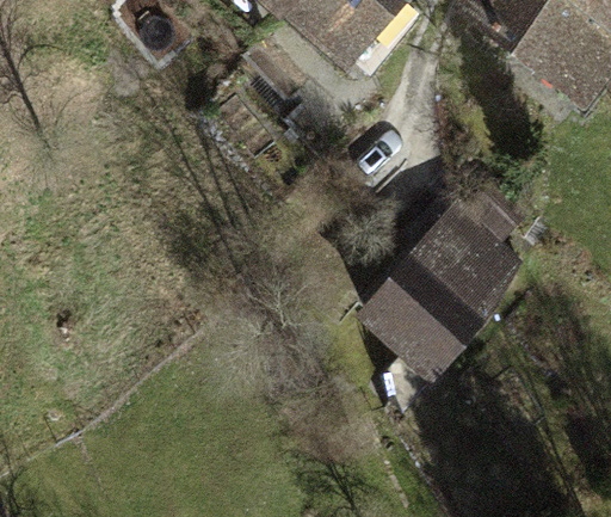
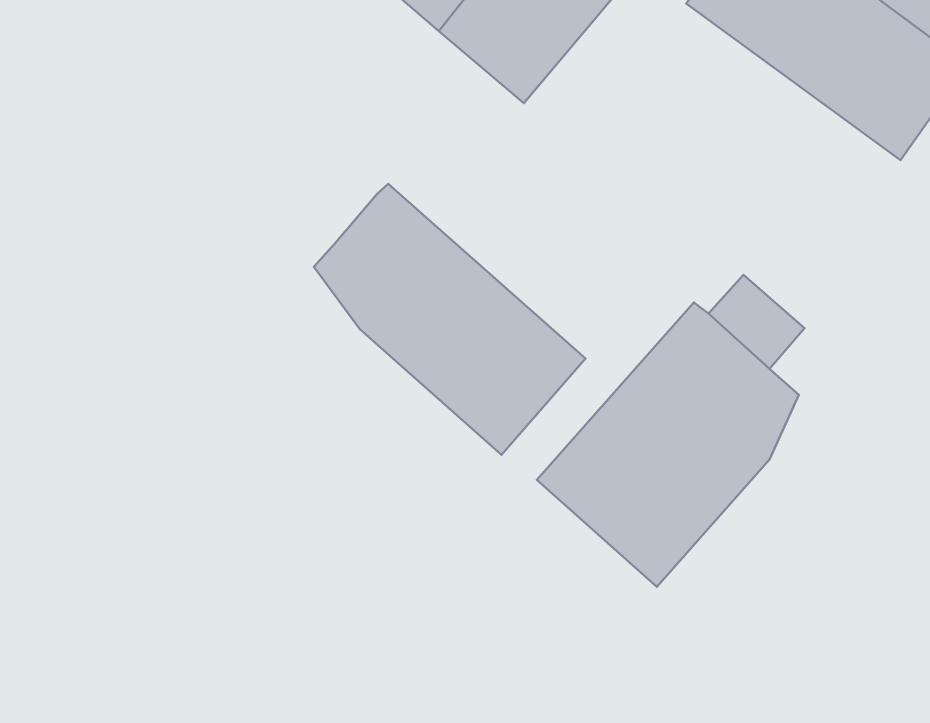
building: none -> [314,184,586,455]

